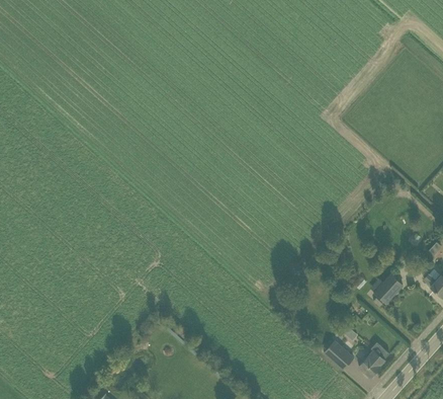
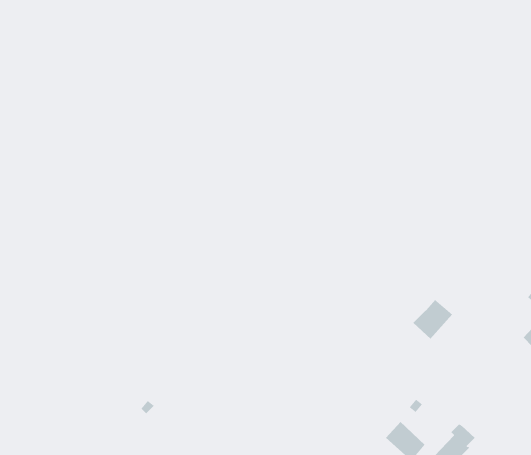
building: [373,273,403,303] -> [413,299,453,339]

